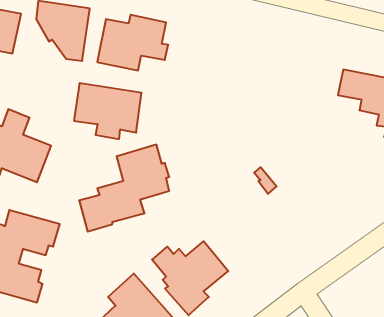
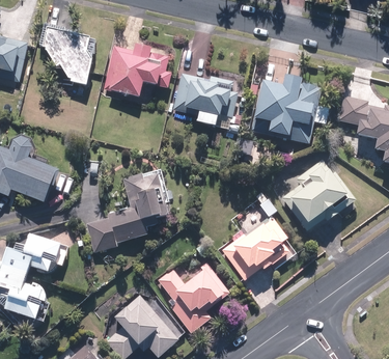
building: none -> [255,78,330,146]
building: [74,83,142,139] -> [174,74,240,128]
building: none -> [281,159,357,233]
building: none -> [221,218,295,281]

